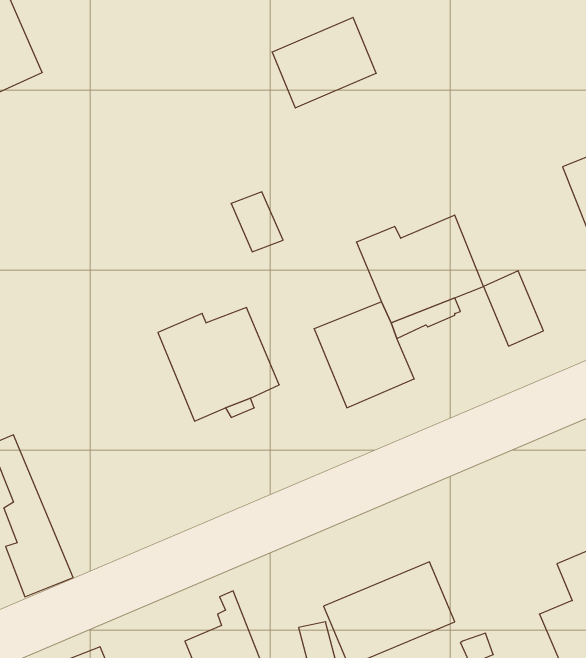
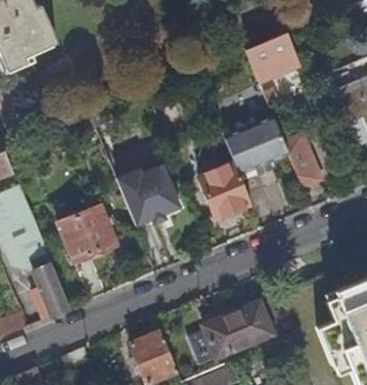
building: [272,17,376,108] -> [244,33,300,81]
building: none -> [57,206,117,263]

